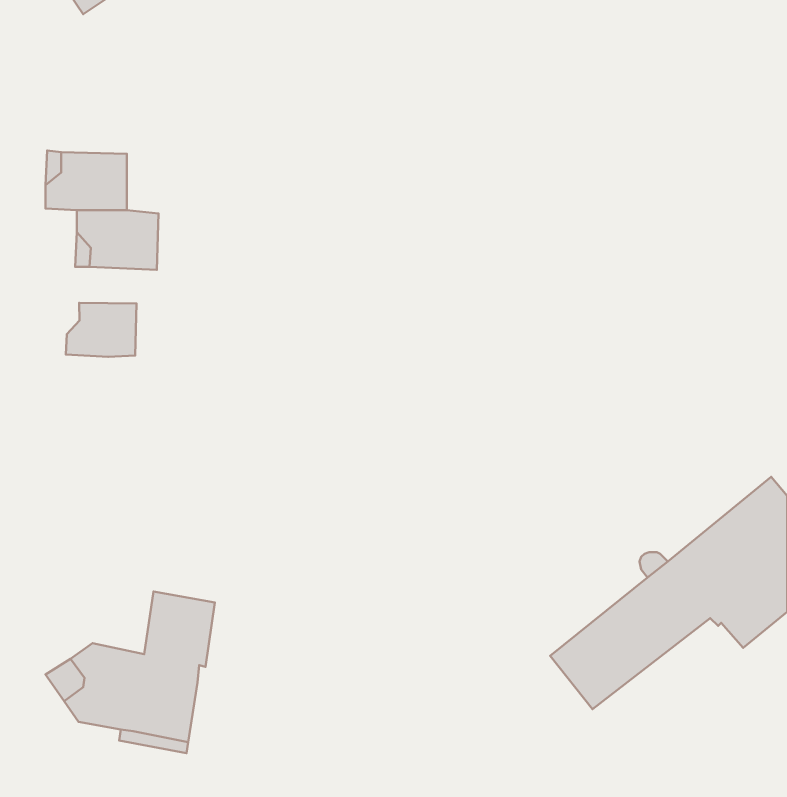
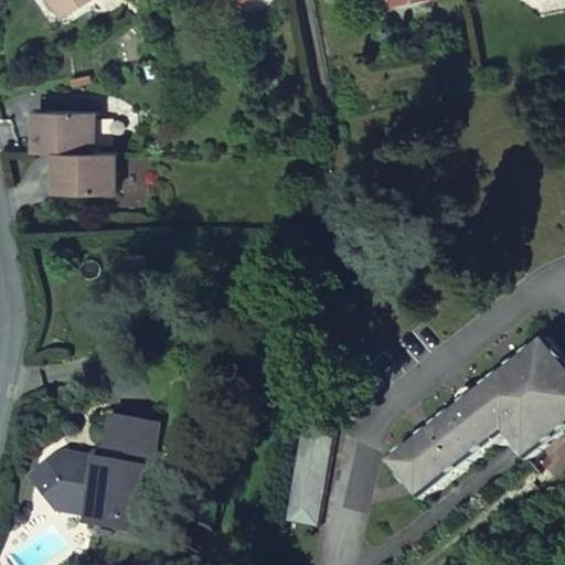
building: [66,303,136,357] -> none
building: none -> [281,424,332,524]

